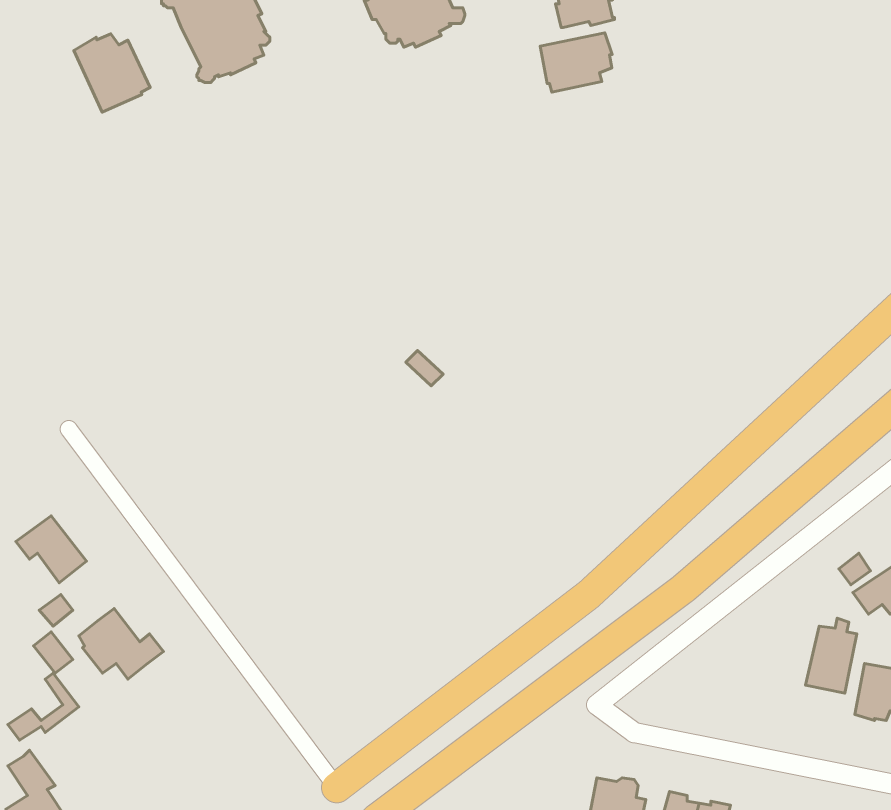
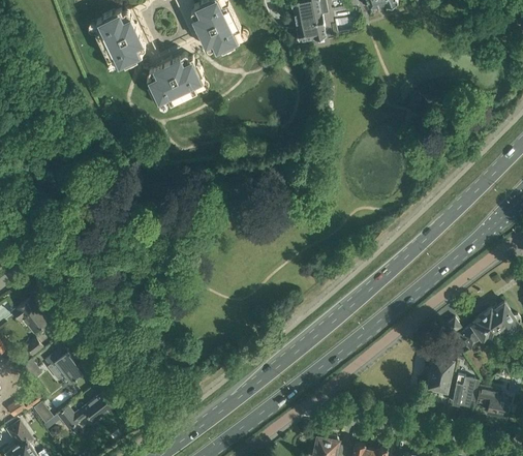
building: [540,33,612,92] -> none
building: [74,34,150,112] -> none
building: none -> [146,55,208,111]
building: none -> [49,394,113,430]

